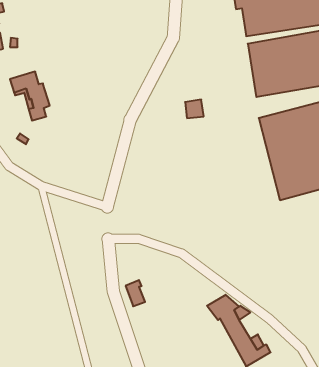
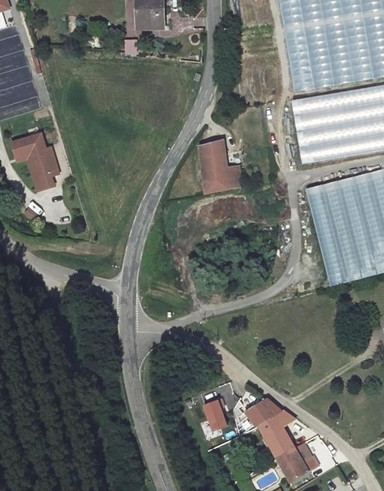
building: none -> [200,142,224,192]
building: [126,280,145,306] -> [205,399,228,430]

